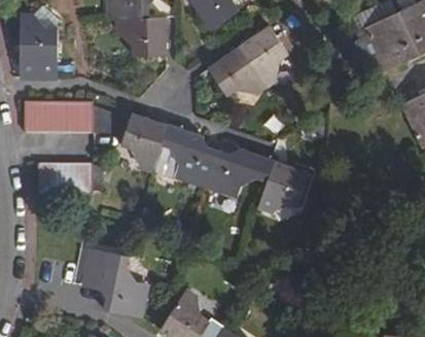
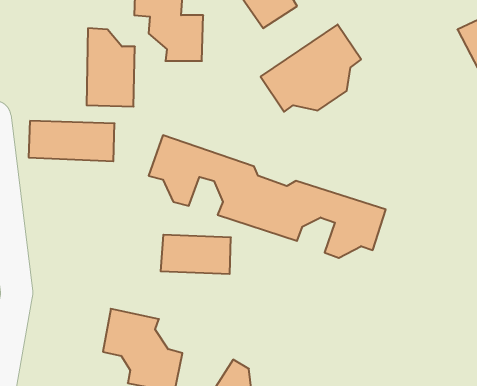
building: [19,13,57,75] -> [87,28,135,107]
building: [38,162,94,193] -> [161,235,231,274]

